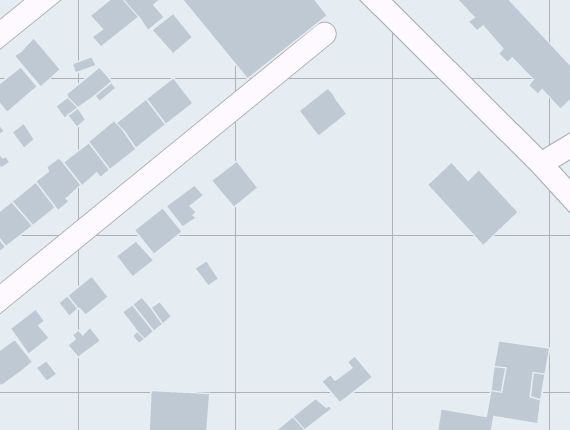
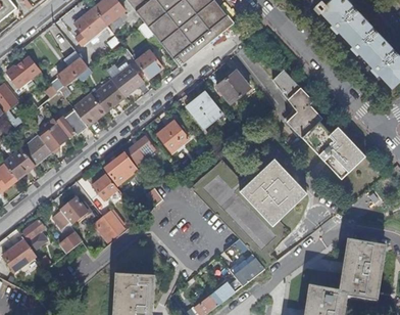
building: [152,13,193,54] -> [136,49,163,77]
building: [14,38,60,87] -> none
building: none -> [270,70,322,137]
building: none -> [188,95,220,128]
building: none -> [239,158,306,224]

